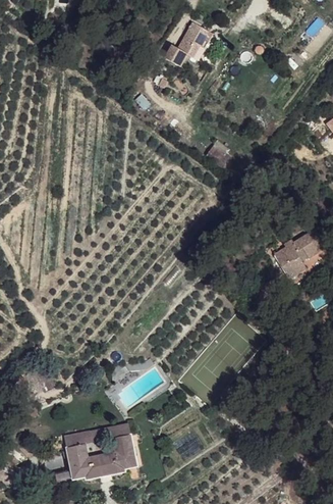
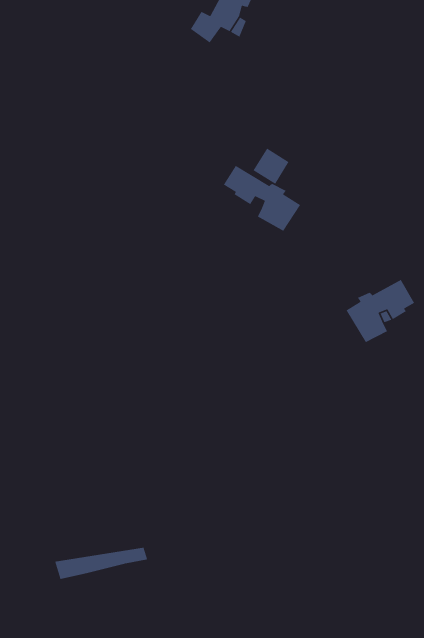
building: none -> [223,165,301,232]
building: [67,434,136,480] -> none

